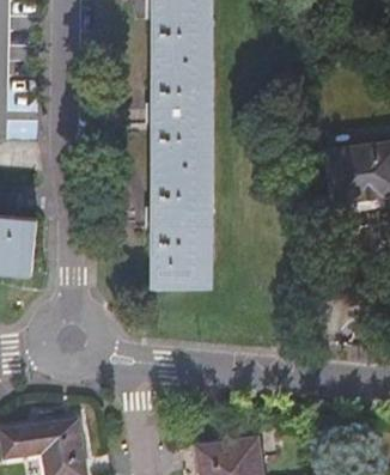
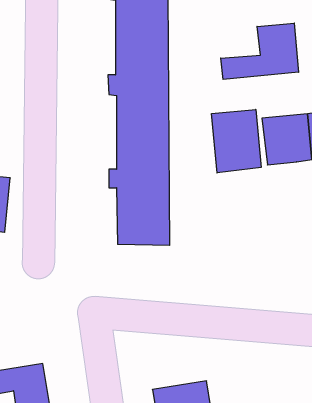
building: none -> [221,23,299,79]
building: none -> [212,109,261,173]

